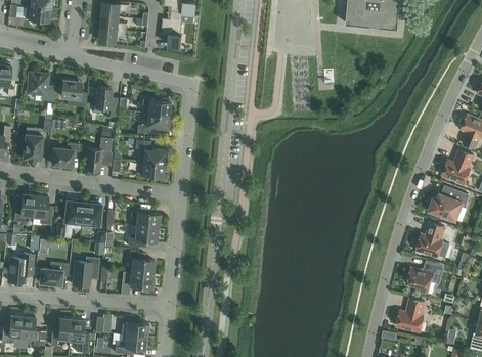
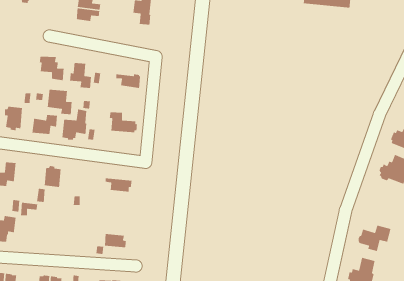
building: [27,73,54,101] -> [47,89,72,115]
building: [136,111,171,135] -> none
building: [136,162,164,179] -> none
building: [33,195,52,225] -> none
building: [82,202,101,225] -> none
building: [415,222,449,258] -> none
building: [128,226,158,248] -> none
building: [129,252,154,274] -> none
building: [73,257,99,286] -> none
building: [40,263,70,285] -> none

